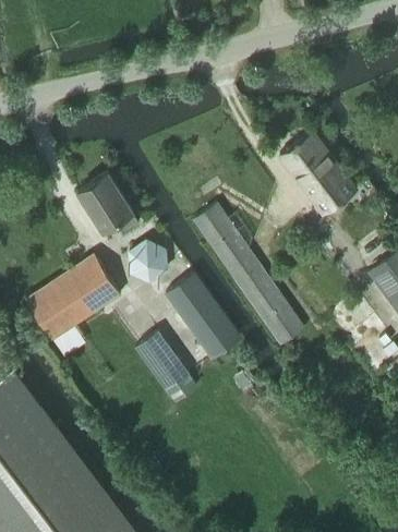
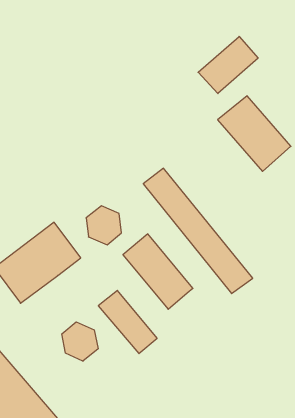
building: none -> [198,36,258,94]
building: [77,172,138,234] -> none
building: none -> [62,322,98,361]

